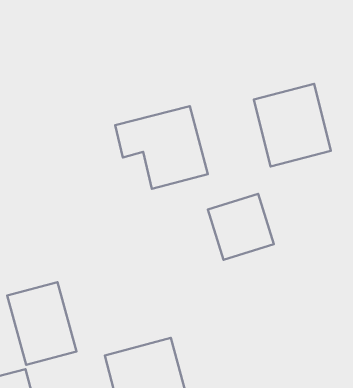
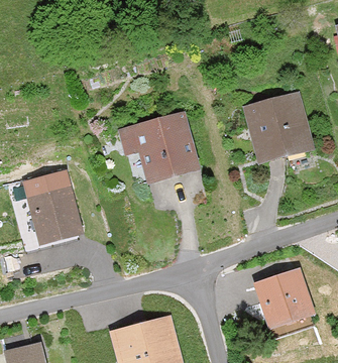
building: [208,194,274,260] -> [254,265,314,325]
building: [7,282,76,365] -> [20,169,83,244]

